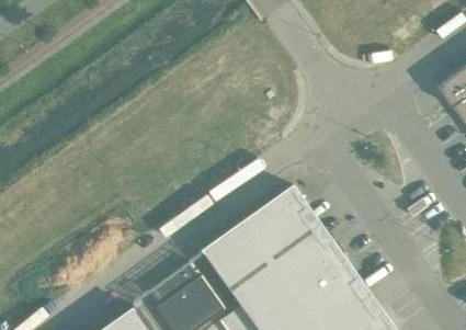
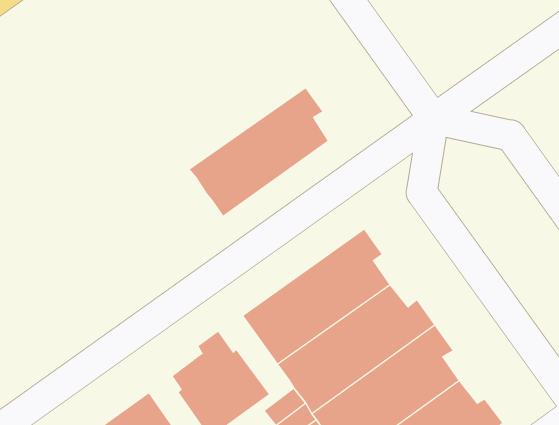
building: none -> [189,87,328,216]

